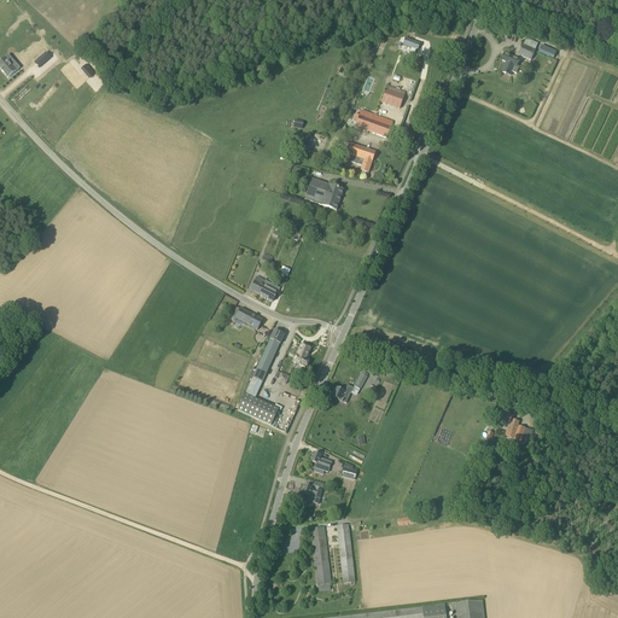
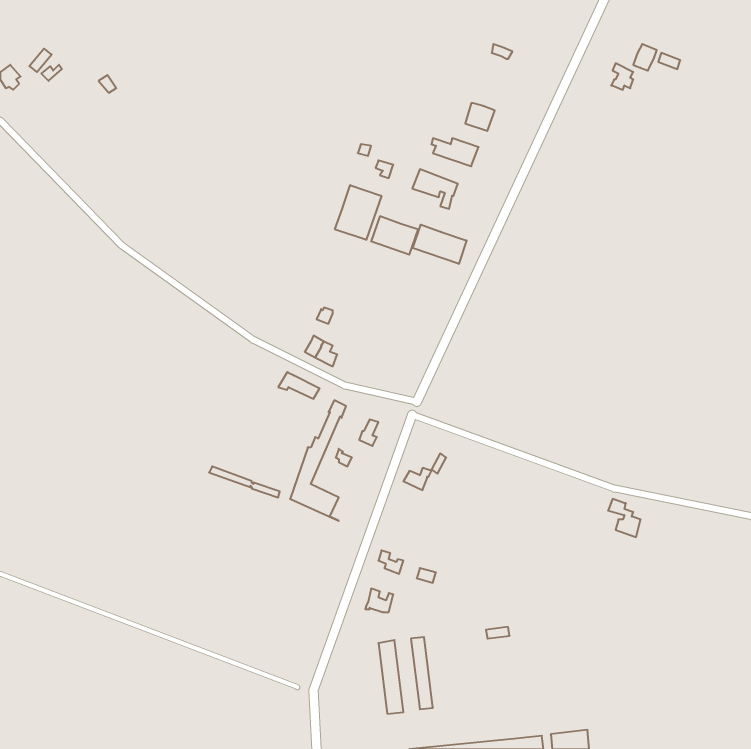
building: none -> [335,185,381,240]
building: none -> [413,225,467,264]

